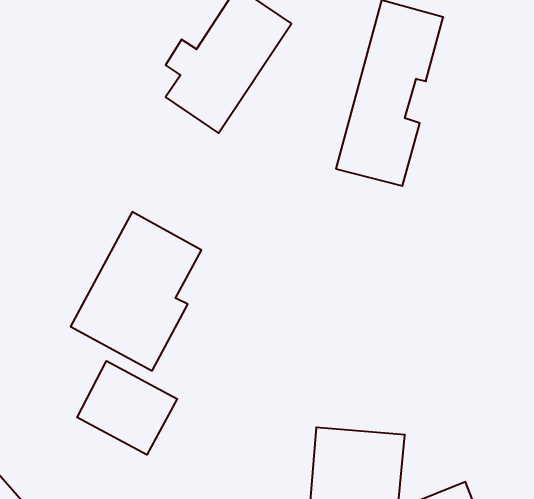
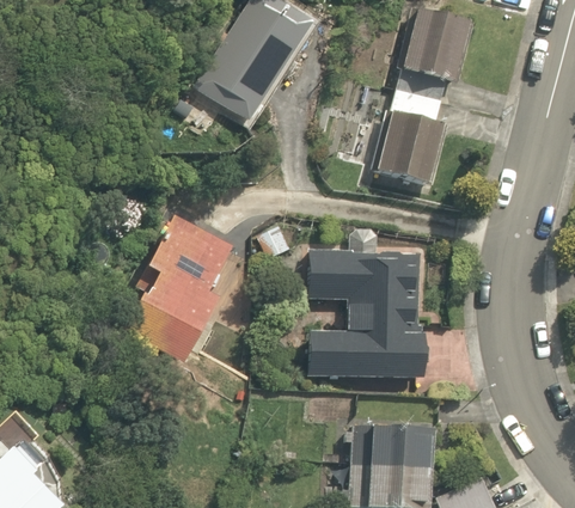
building: none -> [292,243,423,379]
building: [77,361,177,455] -> none

